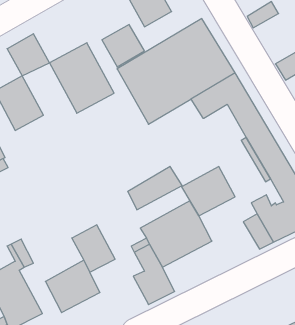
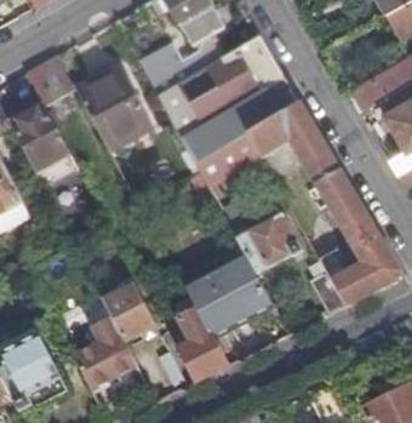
building: [128,166,182,210] -> [194,133,259,185]

